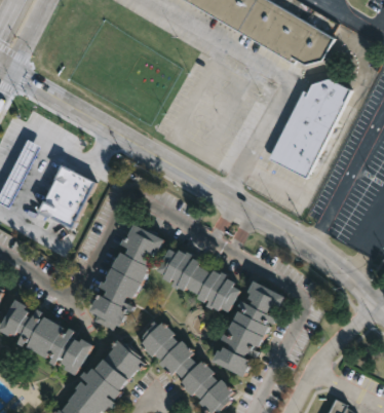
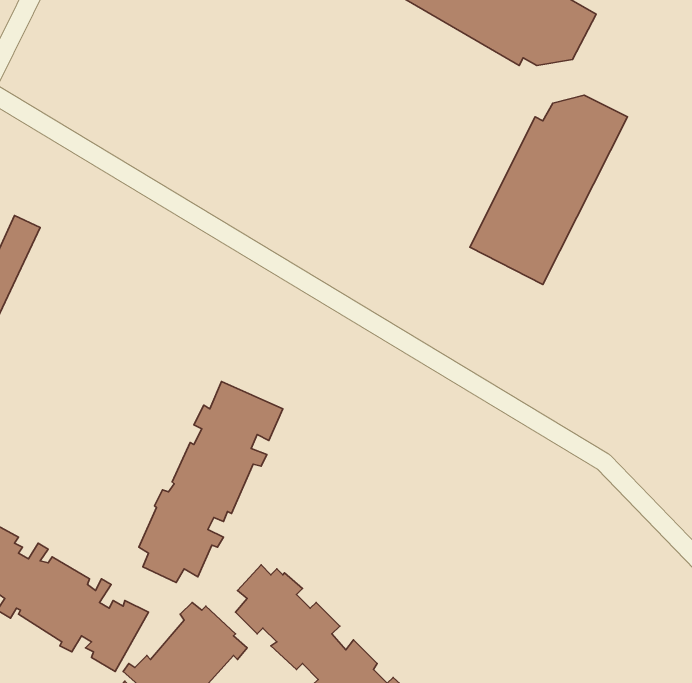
building: [41,165,97,229] -> none
building: [160,250,244,313] -> none
building: [217,281,289,378] -> none

